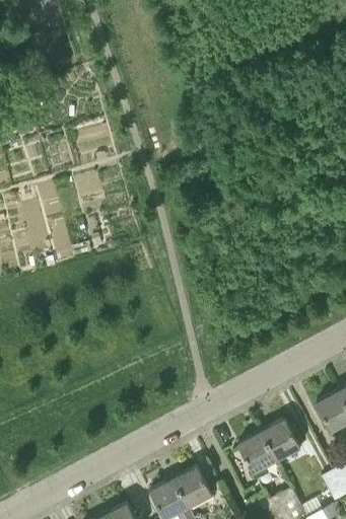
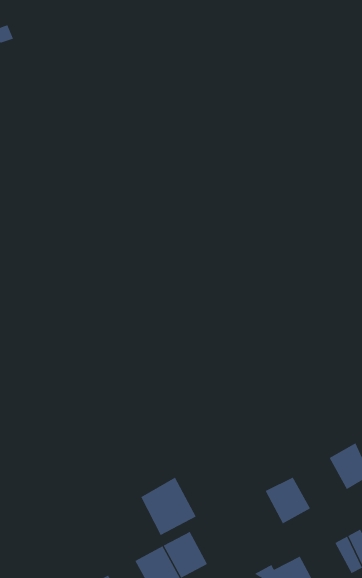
building: none -> [140,477,197,536]
building: [237,432,276,473] -> none

